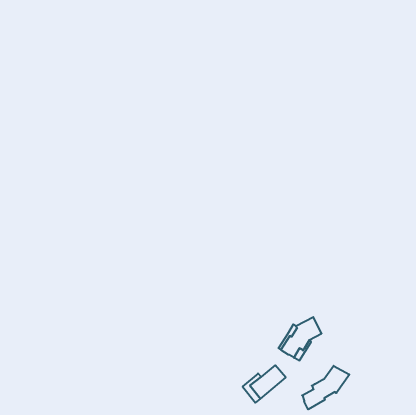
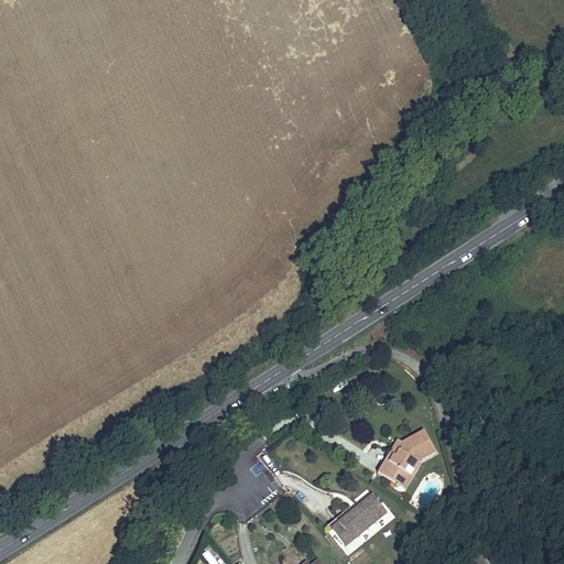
building: [302,366,349,409] -> none

